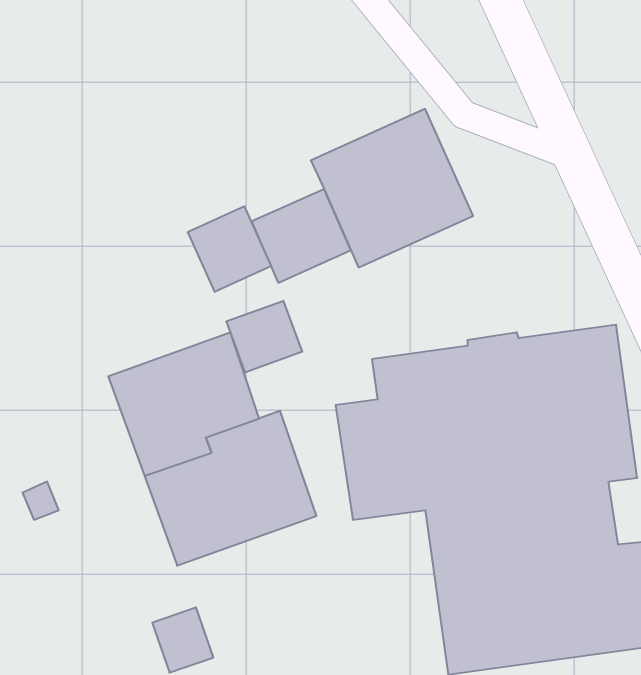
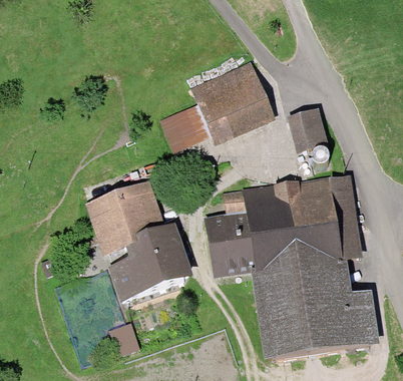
building: none -> [285,107,327,153]
building: [188,206,271,292] -> none
building: [226,301,302,372] -> none

